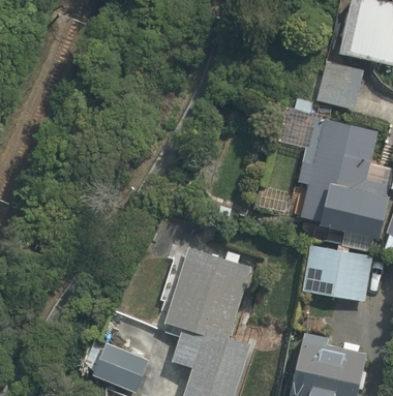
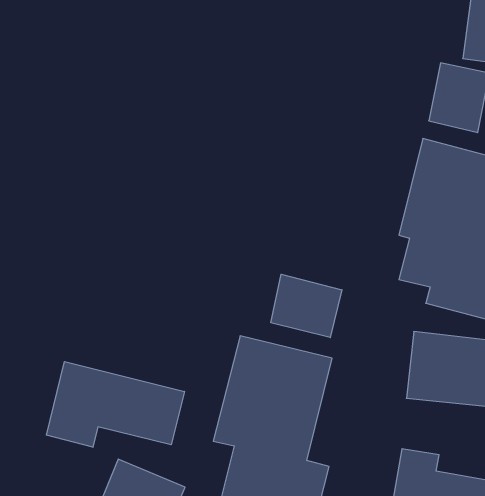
building: none -> [271,274,342,338]
building: none -> [46,362,184,447]

